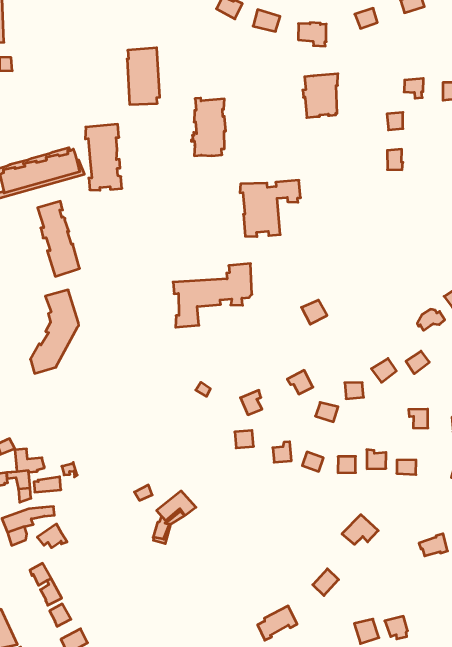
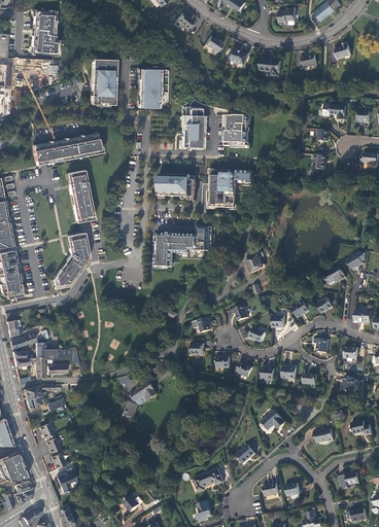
building: [303,74,338,118] -> [225,116,250,145]
building: [85,124,122,190] -> [92,59,115,104]
building: none -> [159,174,195,197]

